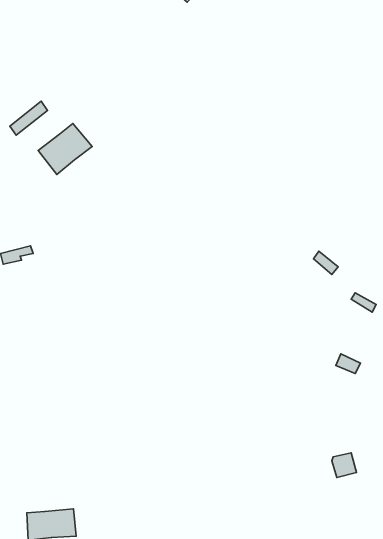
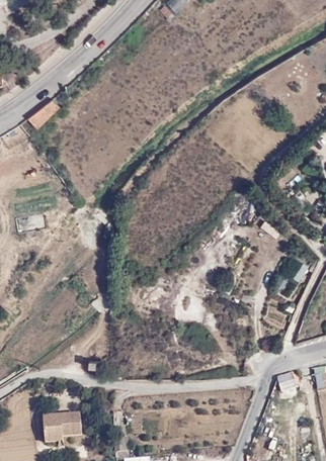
building: [38,124,92,175] -> none

